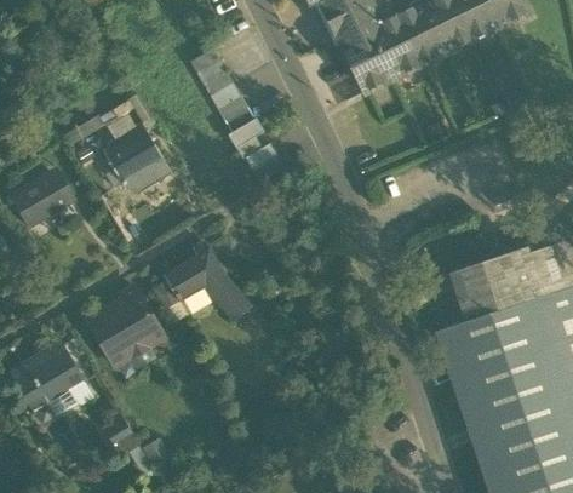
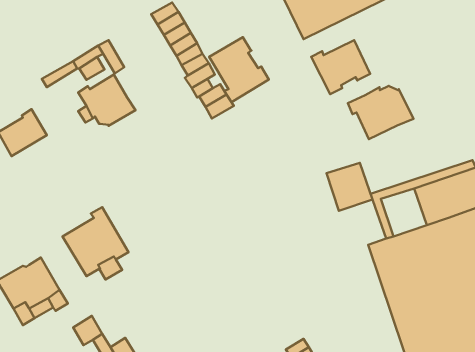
building: none -> [209,37,269,102]
building: none -> [311,40,370,94]
building: none -> [348,86,414,139]
building: [166,245,251,321] -> none
building: [455,264,509,320] -> [326,163,372,211]

